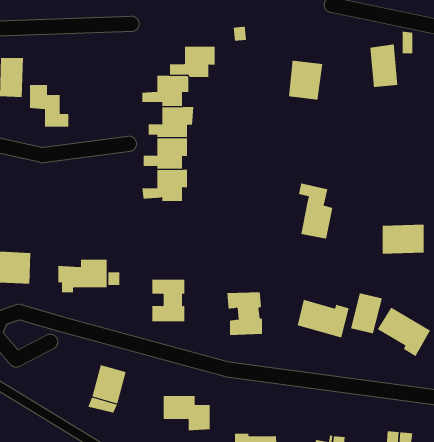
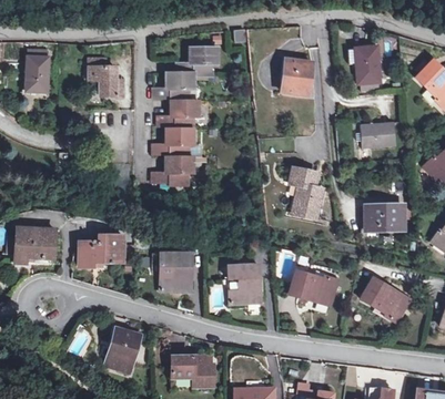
building: [29,85,69,127] -> [89,58,124,95]
building: none -> [360,121,396,147]
building: [351,293,382,334] -> none

